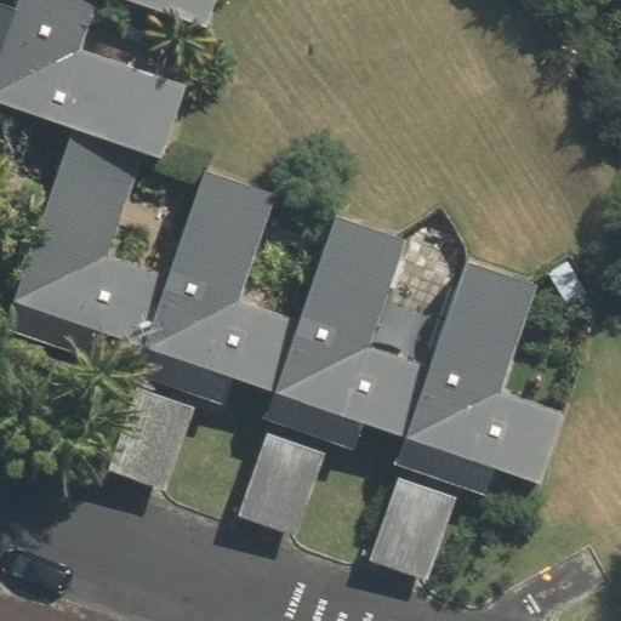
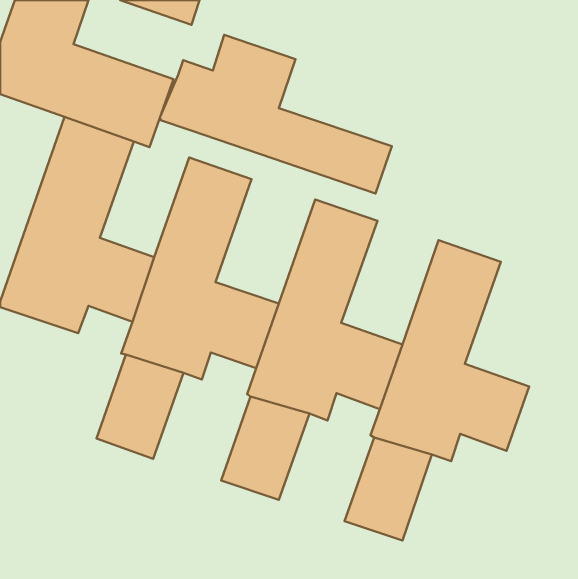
building: none -> [160,35,392,193]

